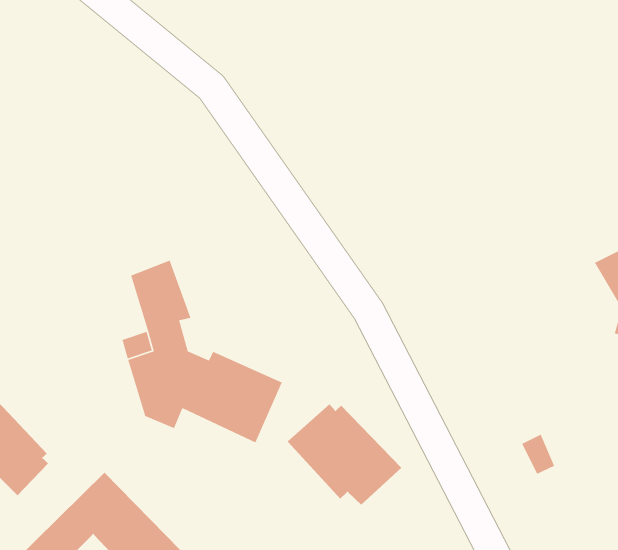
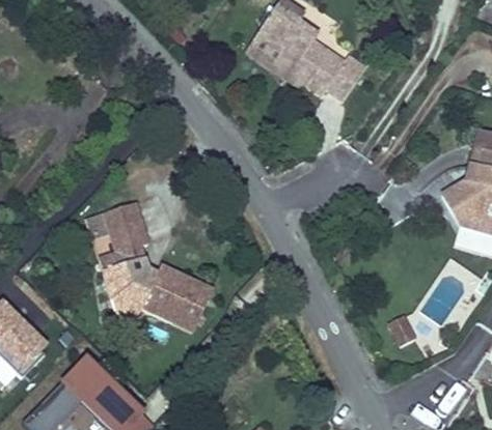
building: none -> [243,11,363,110]
building: [287,404,402,505] -> none

